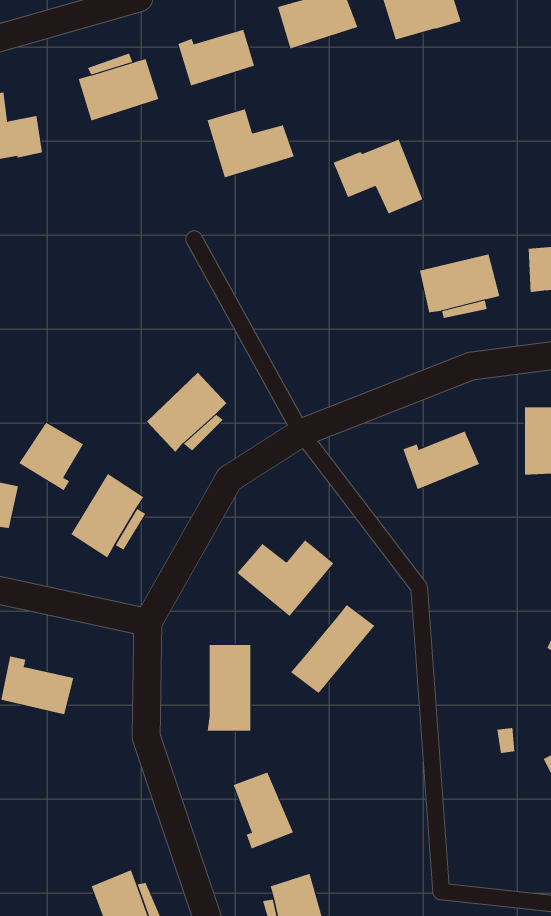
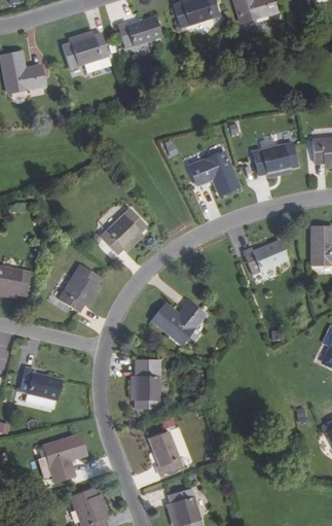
building: [207,109,294,178] -> none
building: [333,139,423,214] -> [188,152,238,195]
building: [18,422,84,491] -> none
building: [290,604,375,694] -> none
building: none -> [43,433,86,482]

